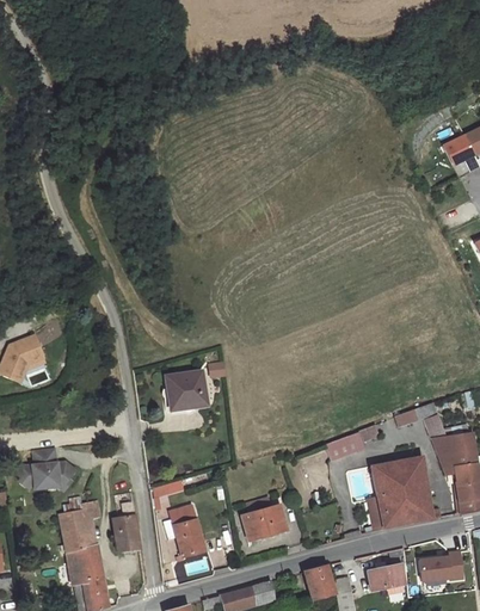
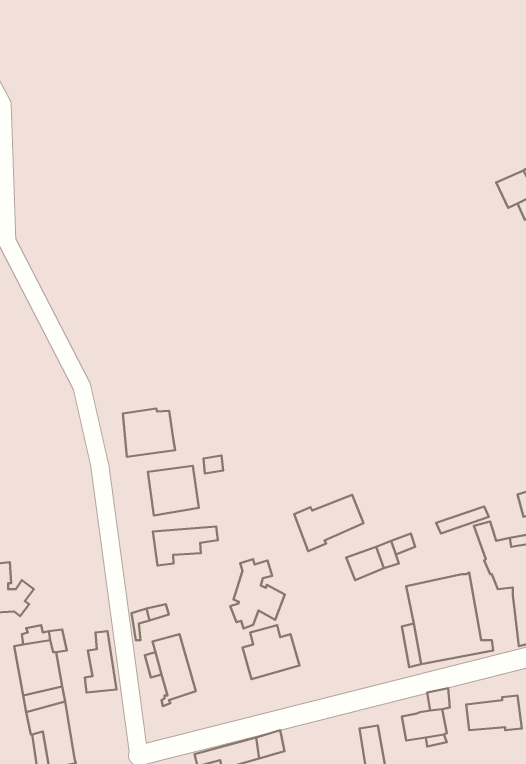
building: none -> [123,408,175,457]
building: none -> [294,495,364,551]
building: none -> [153,526,218,566]
building: none -> [230,559,285,629]
building: [304,566,334,600] -> none

